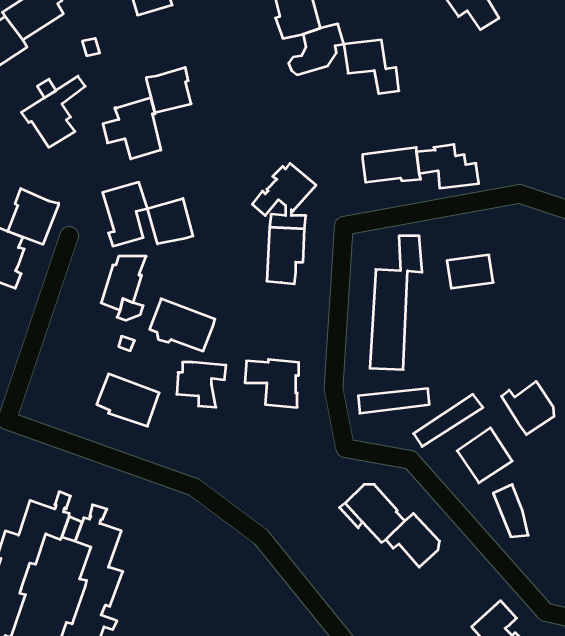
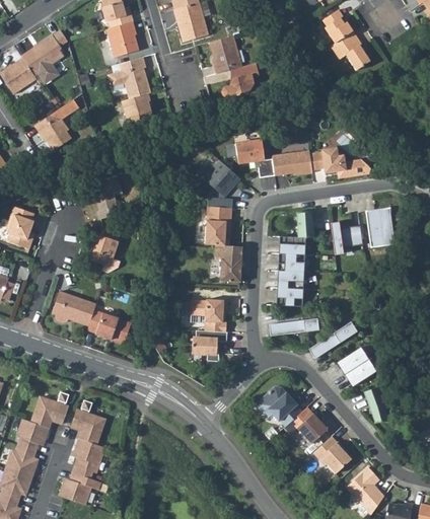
building: [344,40,399,94] -> [235,139,274,176]
building: [103,98,161,159] -> [109,58,149,100]
building: [8,188,59,244] -> none
building: [148,198,193,244] -> none
building: none -> [366,208,395,246]
building: none -> [214,244,242,281]
building: [150,299,215,351] -> [50,290,95,326]
building: [177,362,226,407] -> [193,329,227,361]
building: [501,381,554,435] -> none
building: none -> [312,435,351,472]

